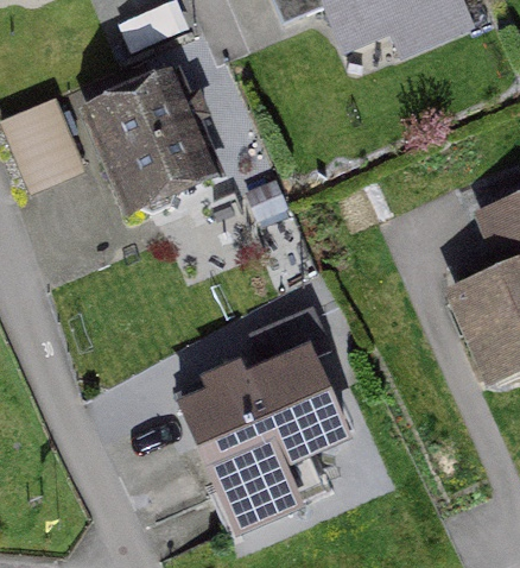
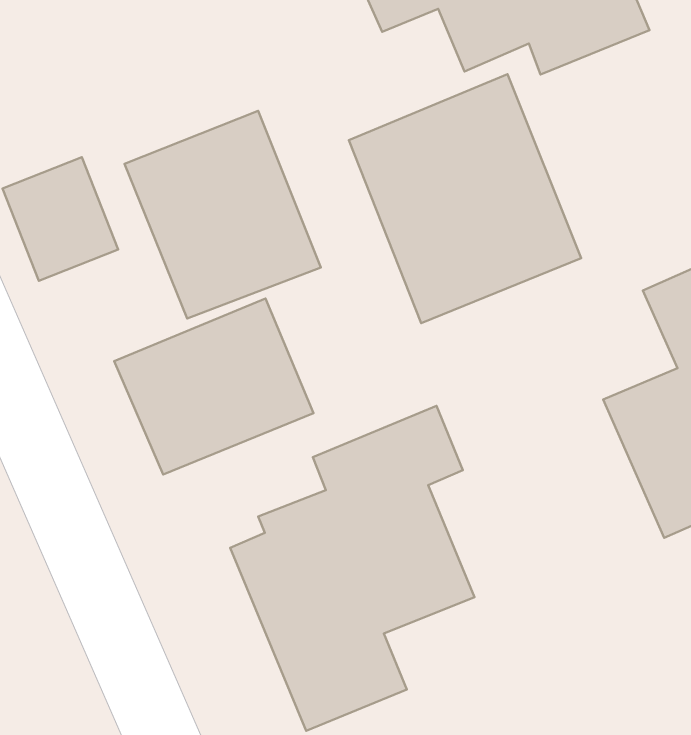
building: none -> [349,74,581,323]
building: none -> [114,299,314,475]

